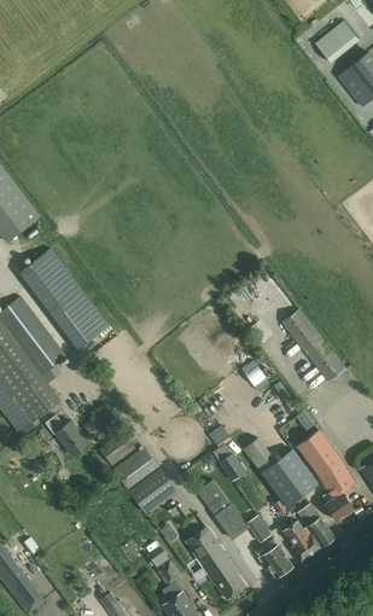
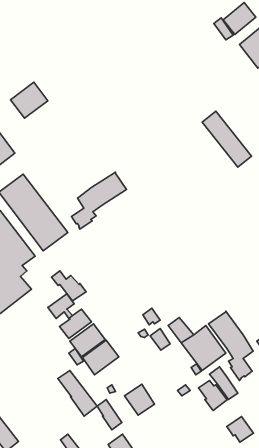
building: none -> [10,82,48,118]
building: none -> [72,172,127,229]
building: [281,308,346,382] -> [202,111,251,167]
building: [45,414,91,454] -> [52,271,86,301]
building: [197,480,249,540] -> [58,370,97,416]
building: [258,544,293,577] -> [227,417,253,442]
building: [203,552,245,599] -> none

